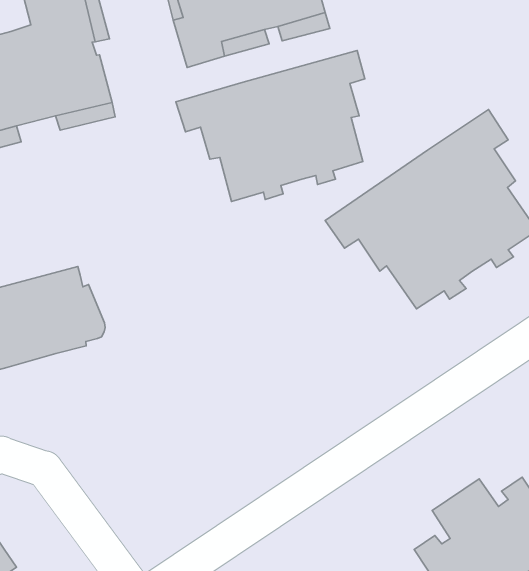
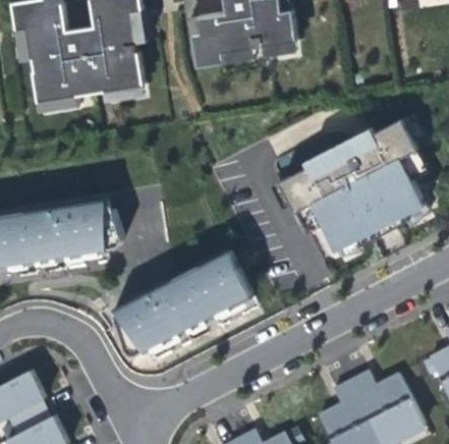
building: [176,51,365,201] -> none
building: none -> [113,249,252,354]

